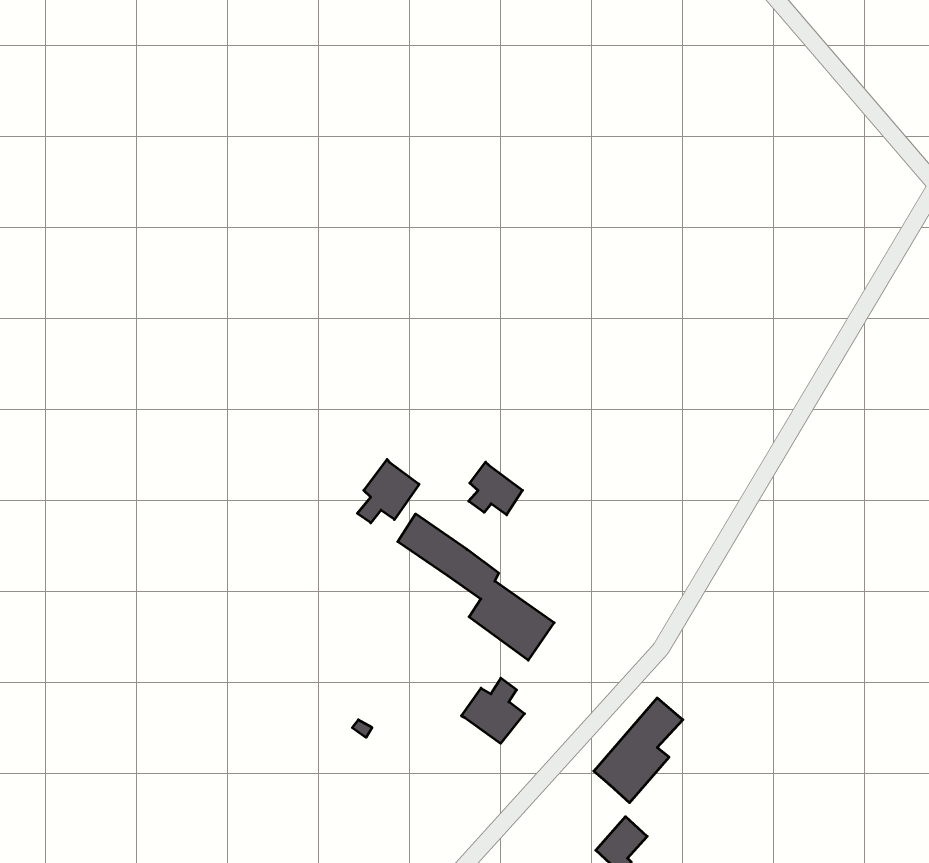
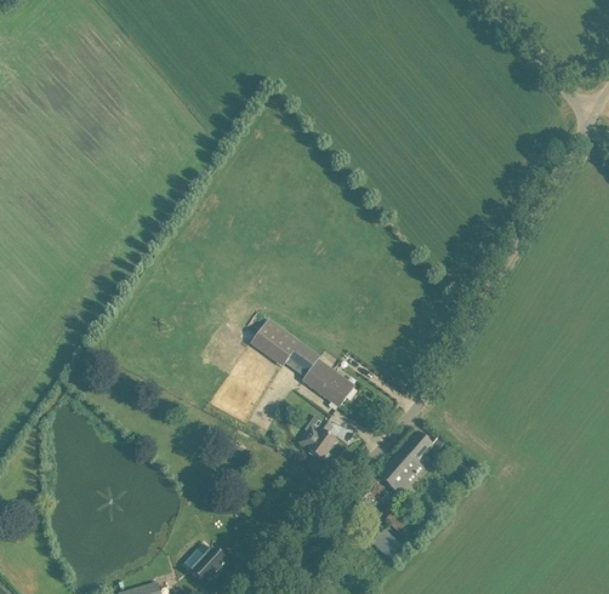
building: [357,459,419,523] -> none
building: [469,462,523,515] -> none

